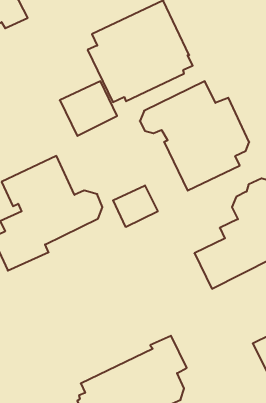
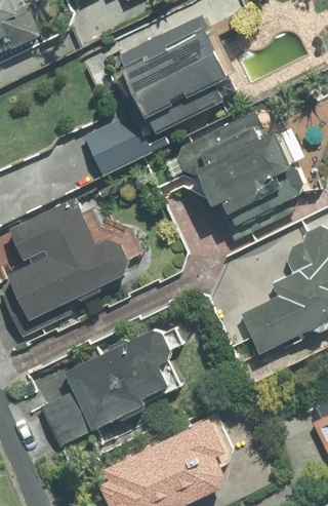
building: [113,185,158,227] -> none
building: none -> [38,329,173,445]

